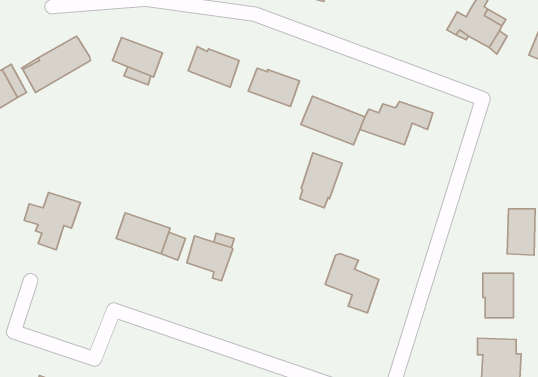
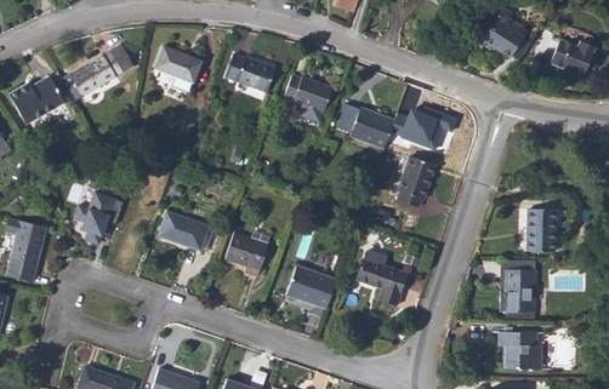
building: [300,153,342,208] -> [395,155,436,207]
building: none -> [285,265,336,308]

